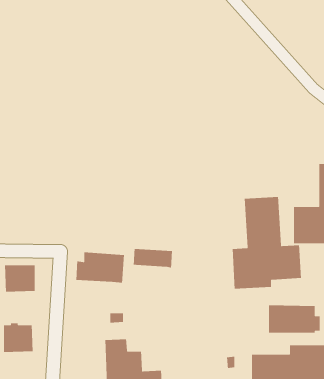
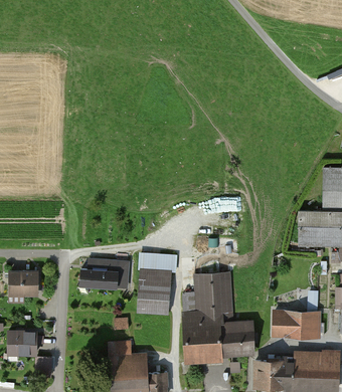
building: [232,196,302,290] -> [182,271,252,365]
building: none -> [137,270,171,316]

